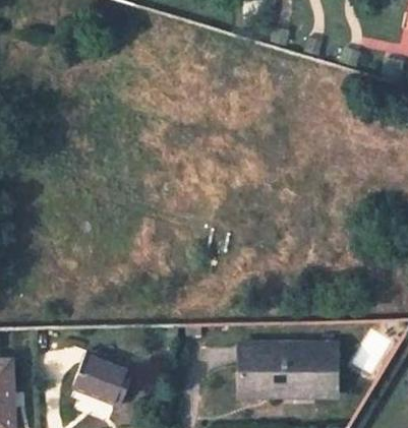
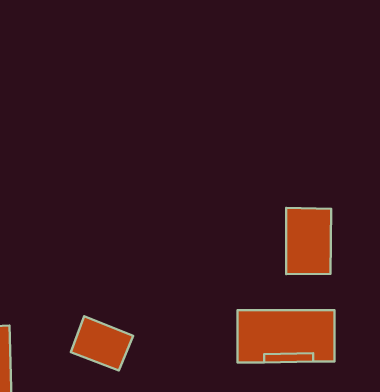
building: none -> [286,208,331,274]

